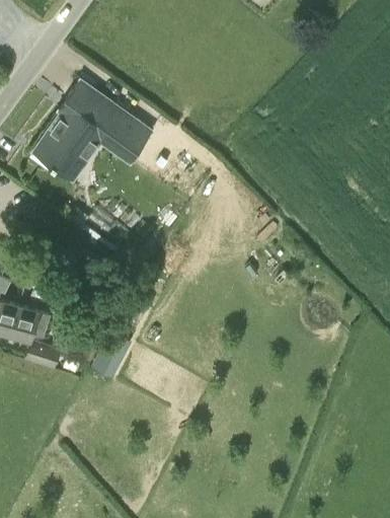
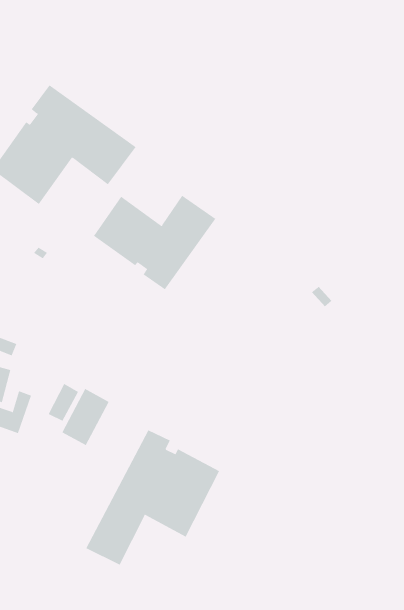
building: none -> [93,195,216,290]
building: none -> [85,429,220,565]

